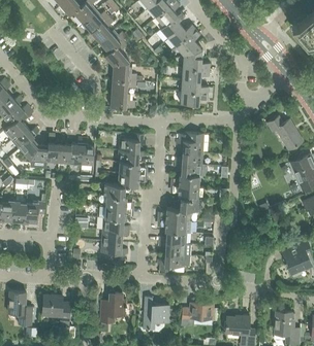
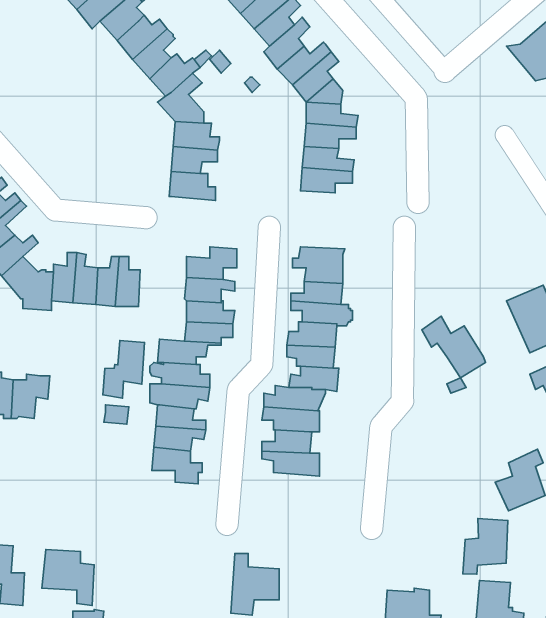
building: [268,115,302,148] -> [422,316,485,378]
building: none -> [103,340,144,398]
building: [157,253,190,272] -> none
building: none -> [463,518,508,574]
building: [100,289,126,322] -> none
building: [182,304,214,326] -> none

